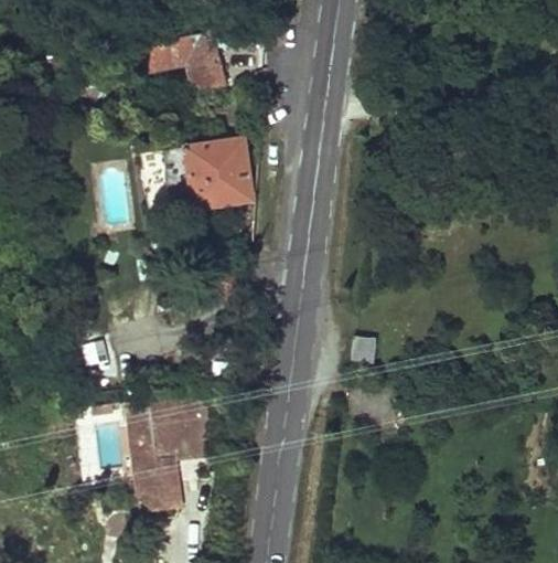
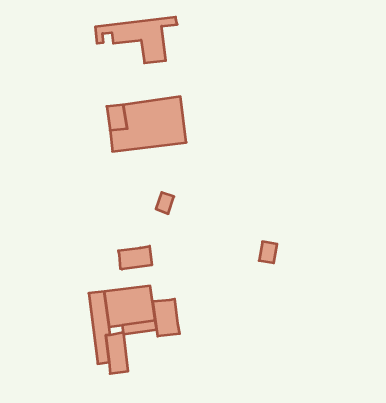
building: none -> [118,246,152,269]
building: none -> [153,299,180,336]

